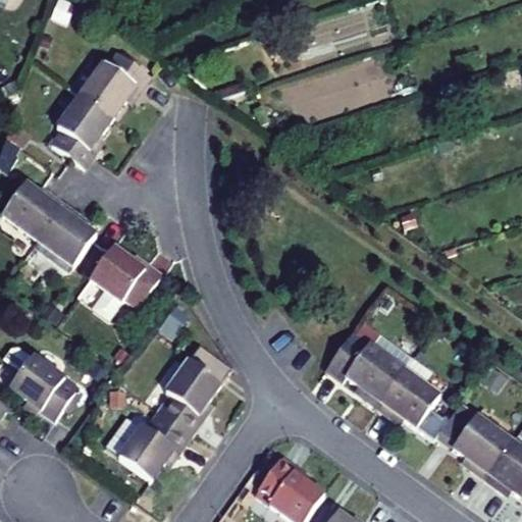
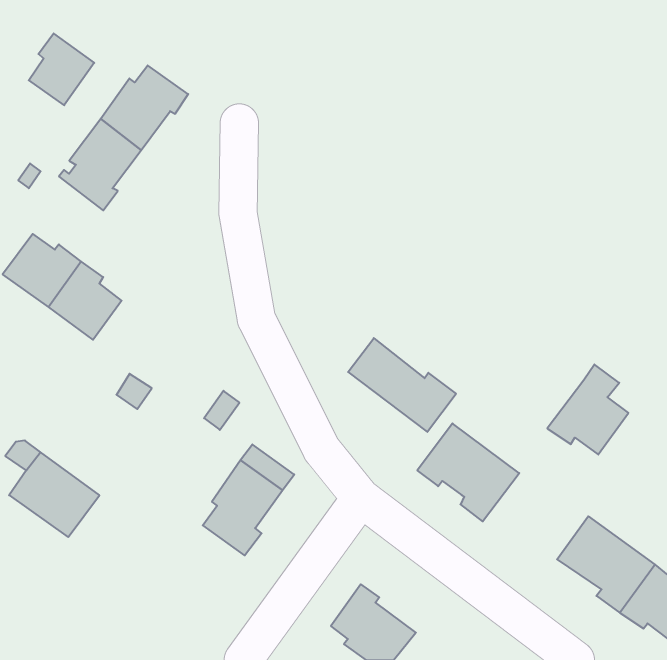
building: none -> [29,33,94,105]
building: [89,244,161,306] -> none
building: none -> [348,338,456,432]
building: [377,357,440,427] -> [547,364,628,455]
building: [119,410,192,480] -> none

